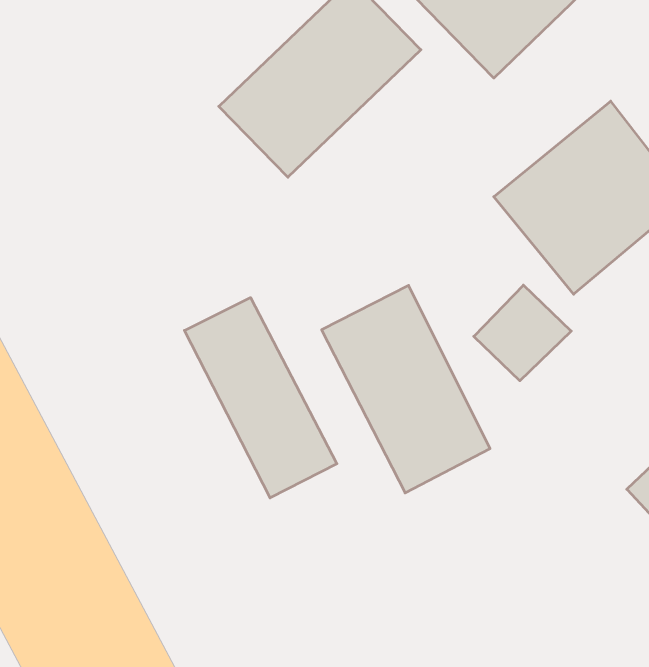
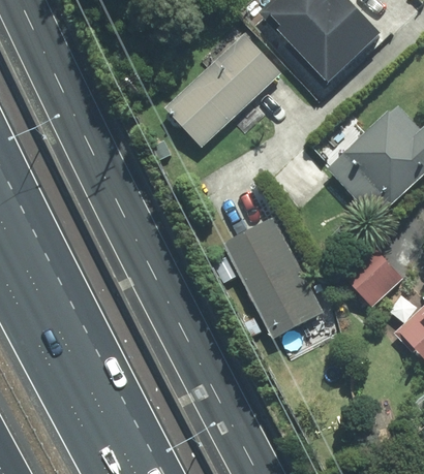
building: [474,285,571,381] -> [343,249,400,305]
building: [184,298,337,498] -> none

